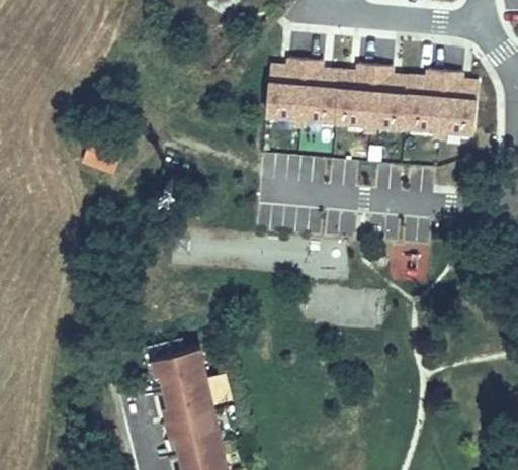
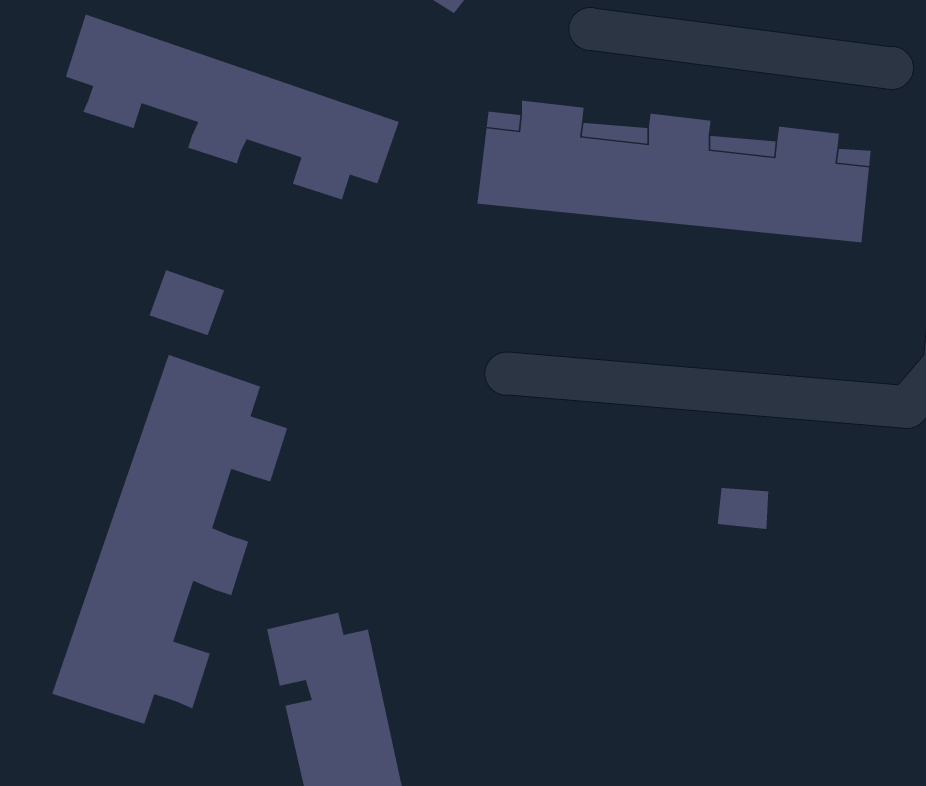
building: none -> [65,13,400,200]
building: none -> [51,354,288,725]

